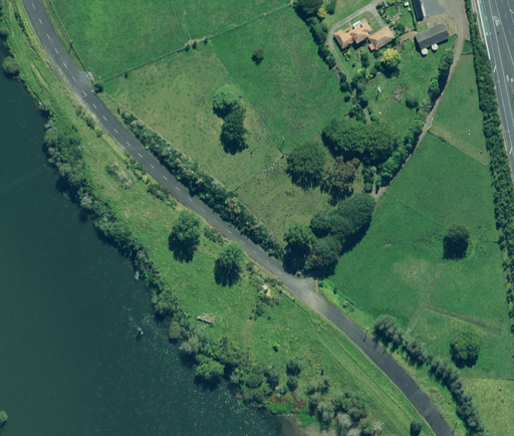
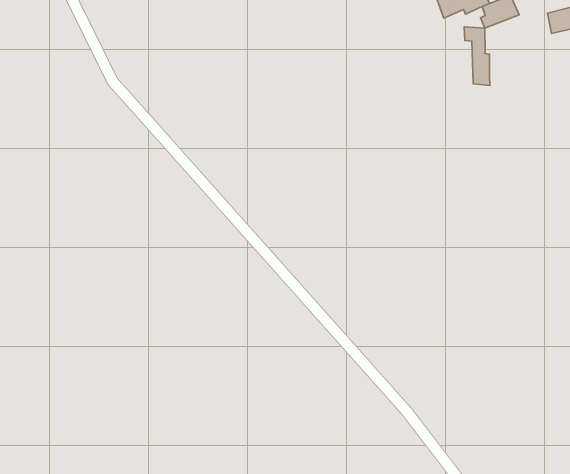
building: none -> [464,27,490,86]

